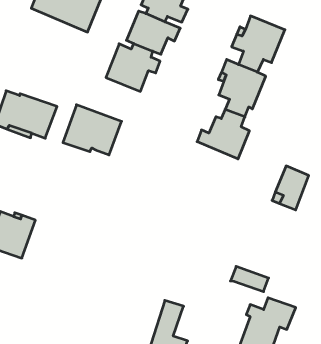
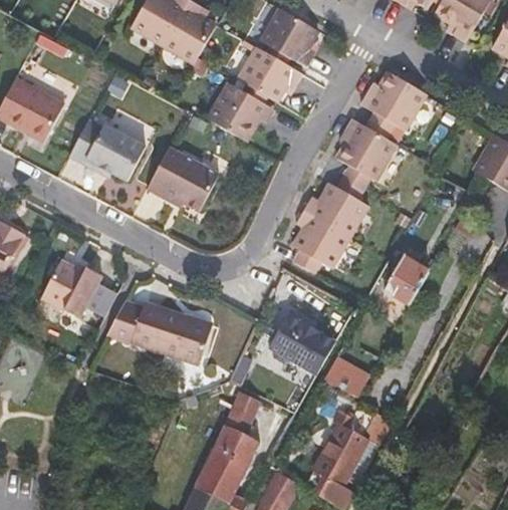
building: none -> [292,210,349,273]
building: none -> [268,314,335,374]
building: none -> [107,299,213,364]

